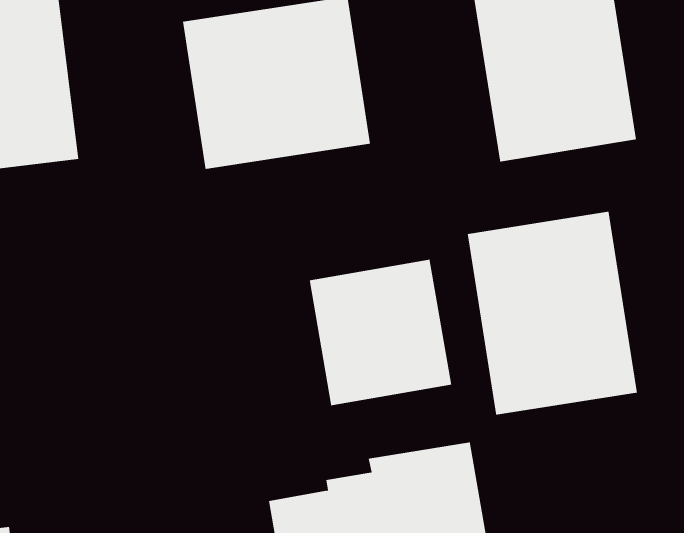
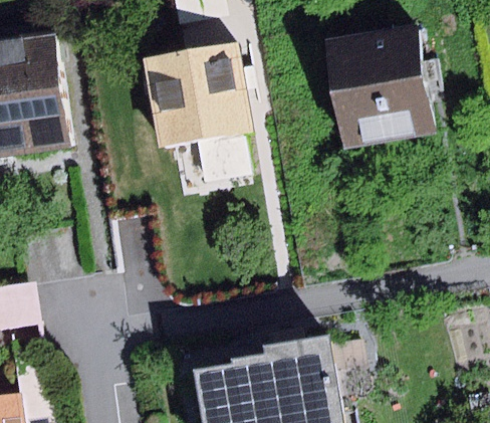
building: [467,211,637,416] -> none
building: [309,259,452,406] -> none

